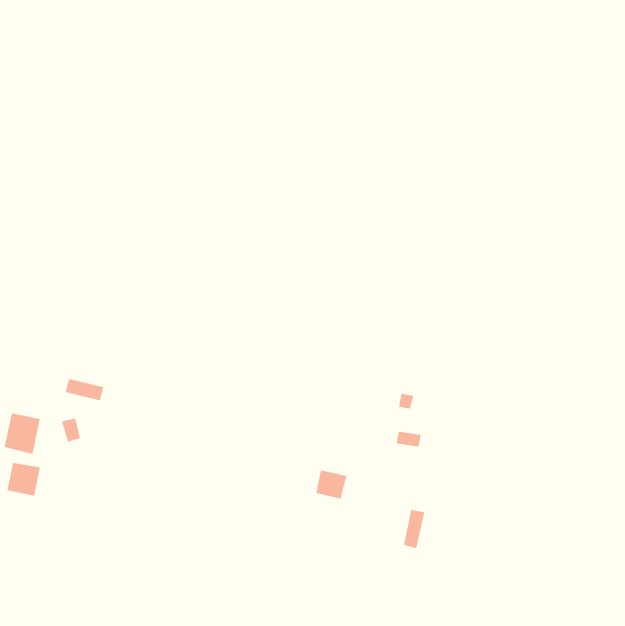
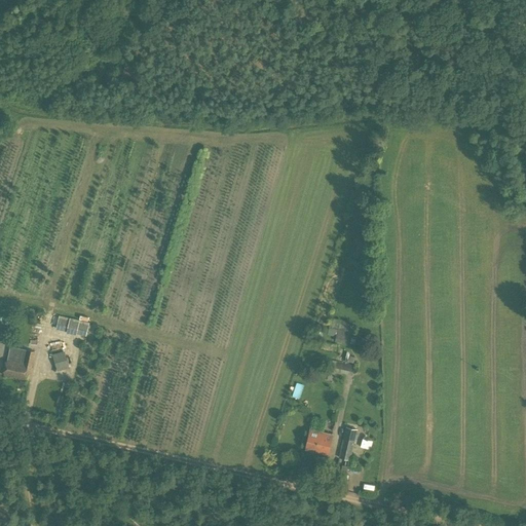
building: [7,462,41,496] -> none
building: [315,470,347,499] -> [305,429,332,454]

